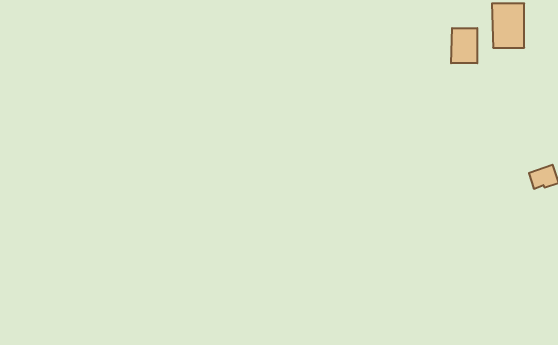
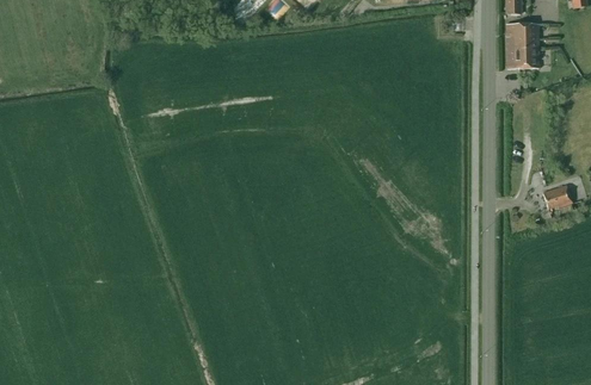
building: [451,28,477,63] -> none

